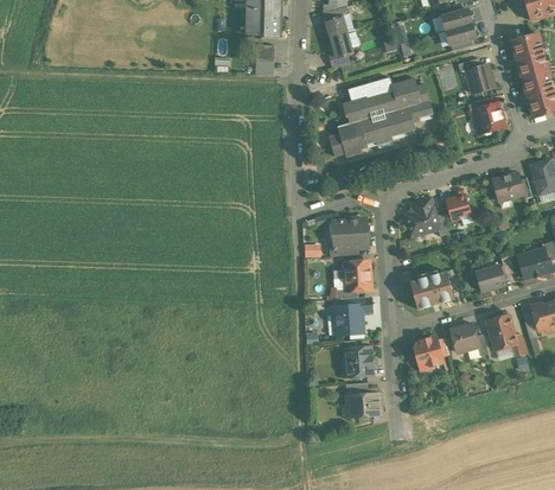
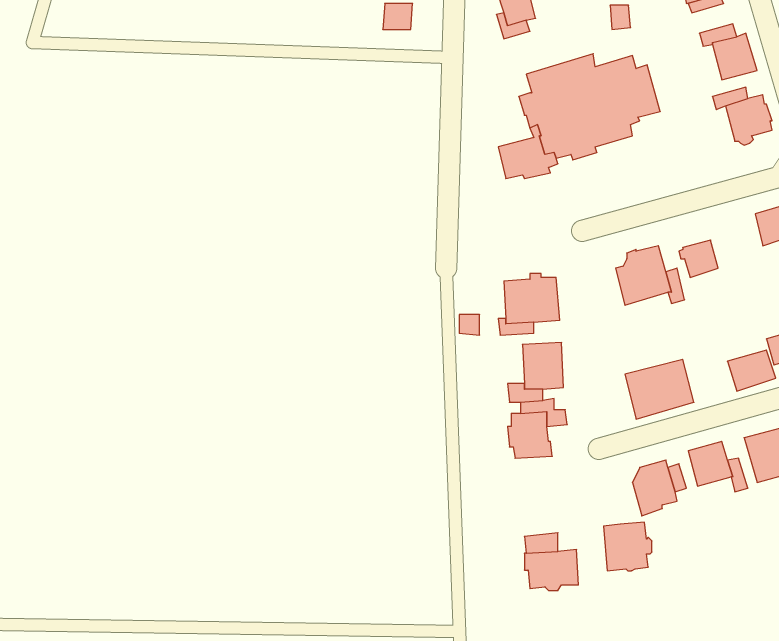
building: [344,346,375,377] -> [604,522,652,571]

